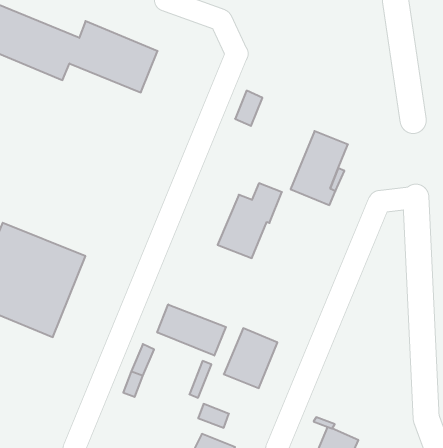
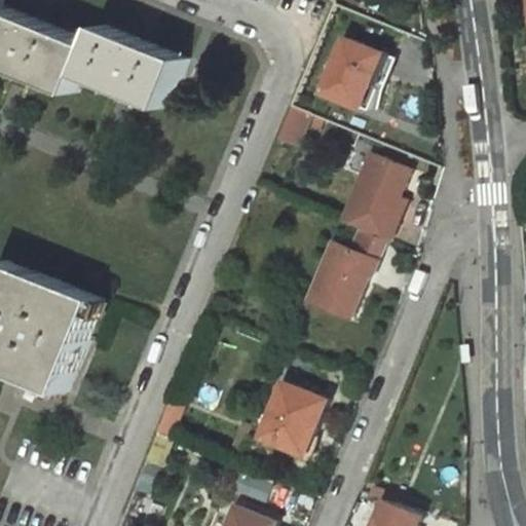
building: none -> [324,40,388,111]
building: [218,183,282,258] -> [307,231,382,318]
building: [157,304,226,356] -> none

